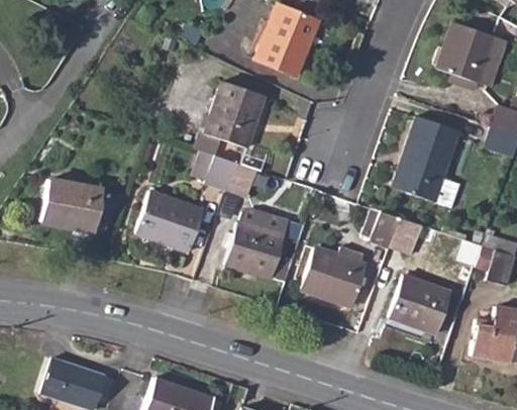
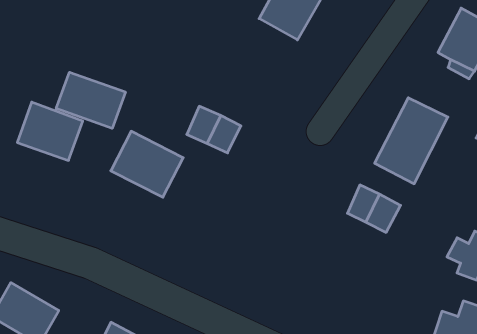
building: [209,81,265,144] -> none
building: none -> [56,72,125,128]
building: [227,209,292,279] -> none
building: [304,247,371,306] -> none
building: [390,275,452,333] -> none

